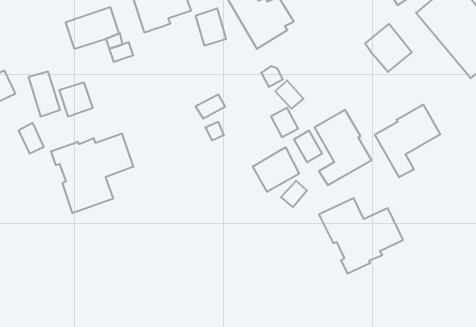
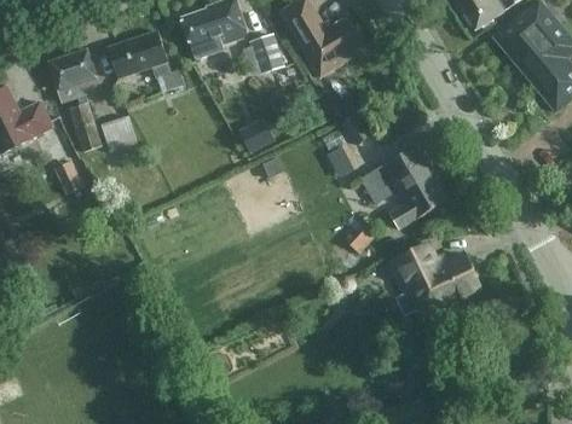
building: none -> [48,50,100,101]
building: [365,24,412,72] -> none
building: [375,105,440,177] -> none
building: [51,133,133,213] -> none
building: [253,147,299,192] -> none

